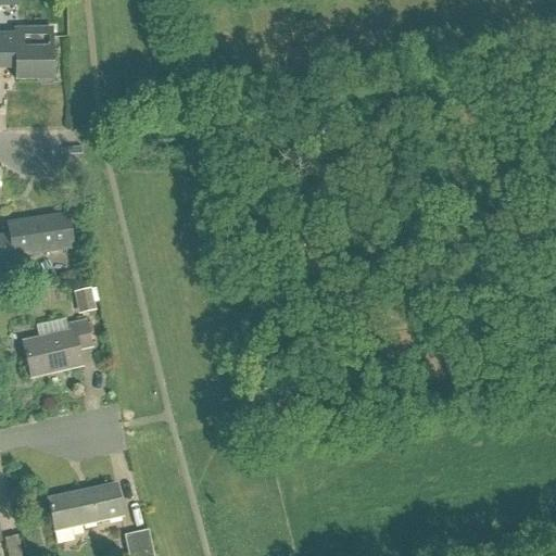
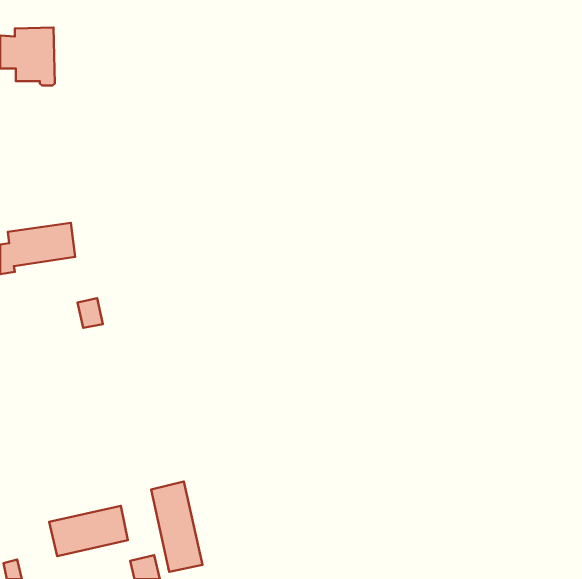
building: [23,318,92,375] -> none
building: none -> [151,481,202,572]

